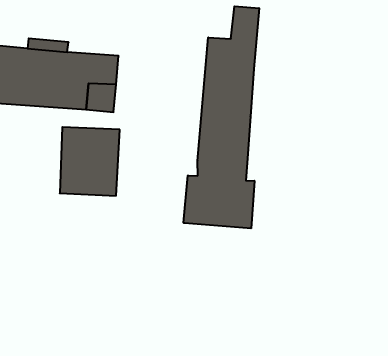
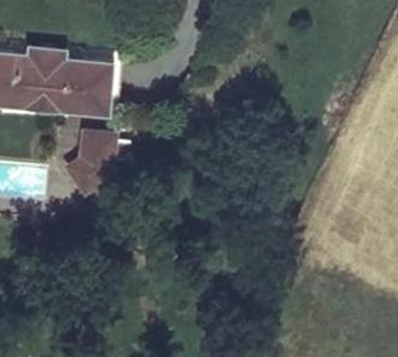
building: [184,6,259,228] -> none

